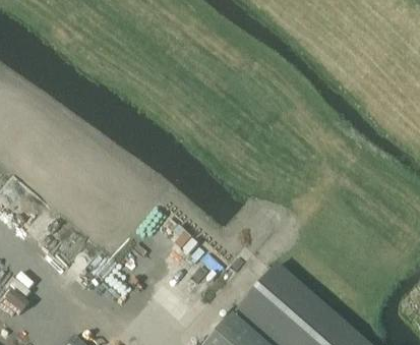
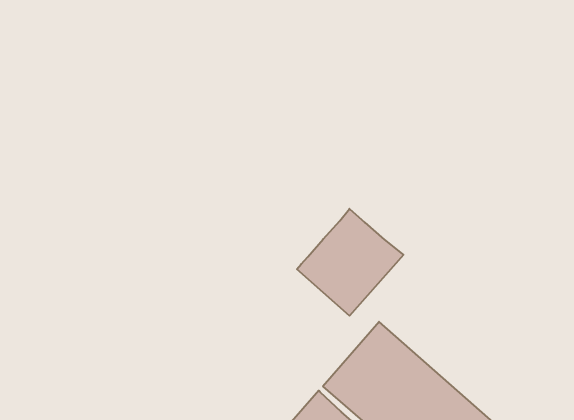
building: none -> [297,209,403,316]

